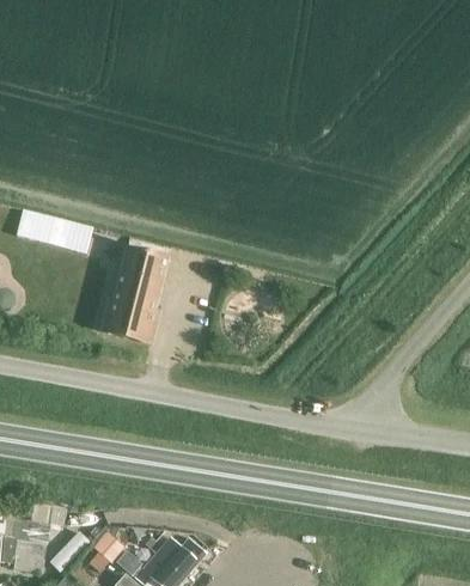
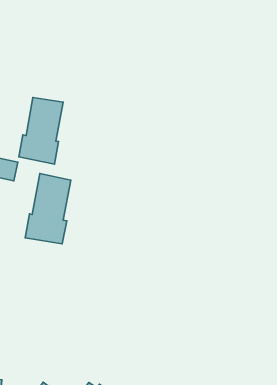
building: none -> [19,97,63,164]

